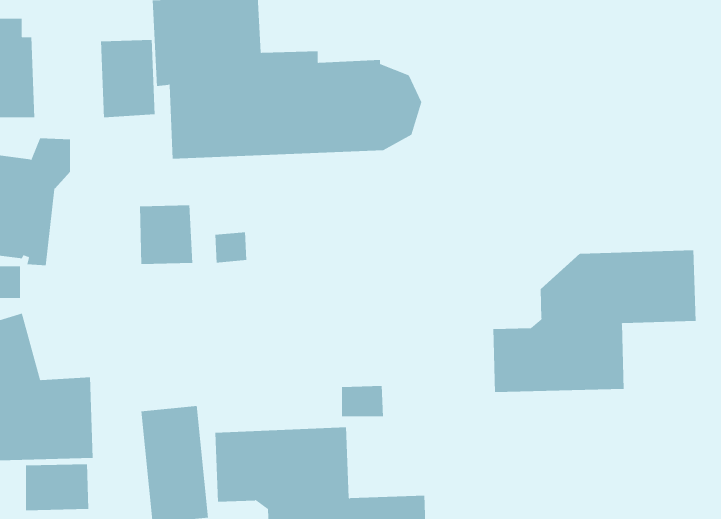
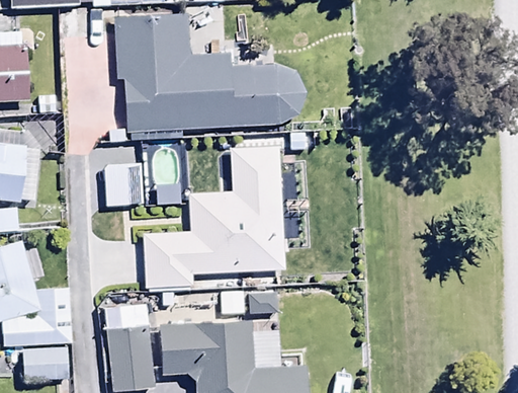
building: [100,39,155,118] -> none
building: none -> [143,147,283,286]
building: [493,249,696,393] -> none

